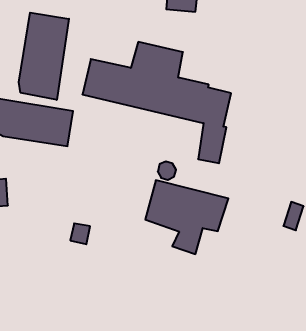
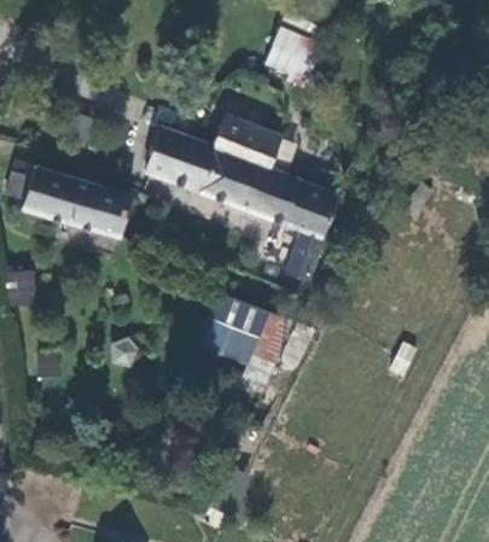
building: [19,13,69,100] -> none

